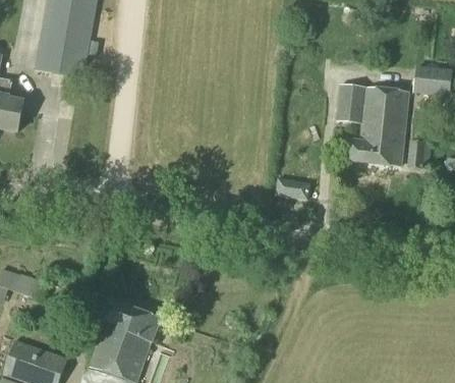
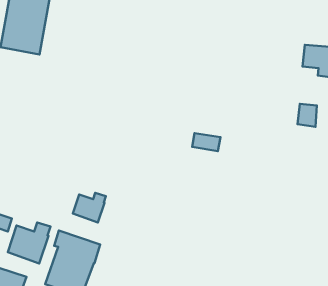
building: [338,84,408,164] -> none
building: none -> [73,193,106,223]
building: none -> [8,222,51,264]

